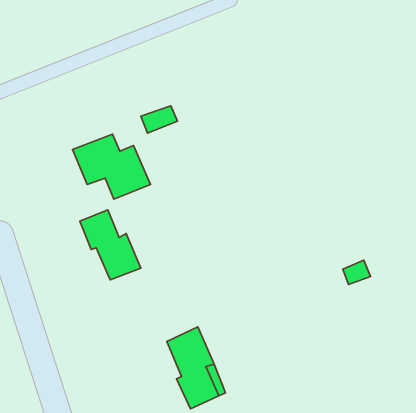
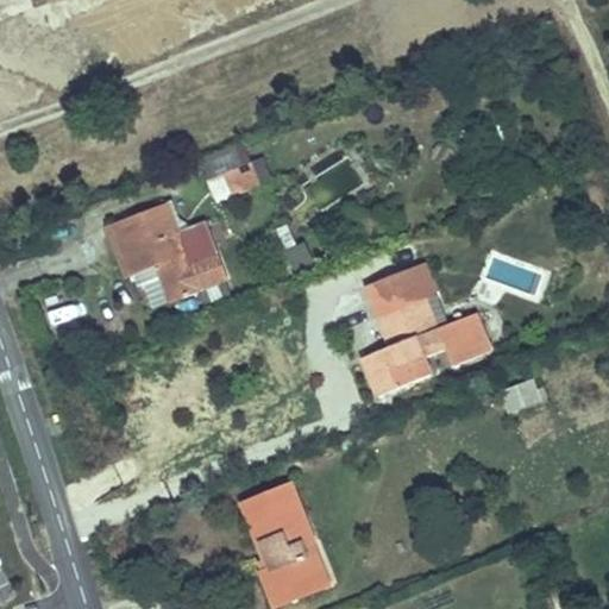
building: none -> [360,268,485,397]
building: [80,210,141,280] -> none

